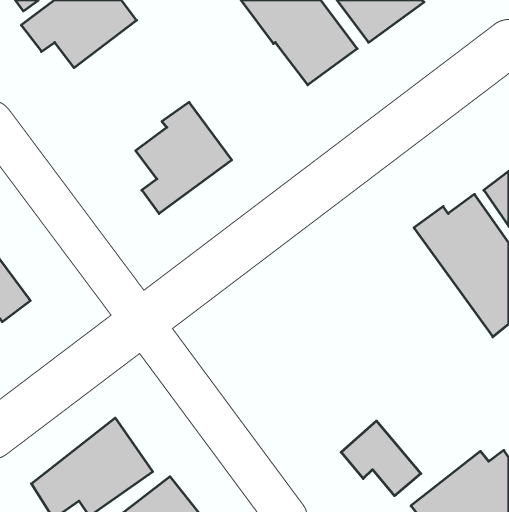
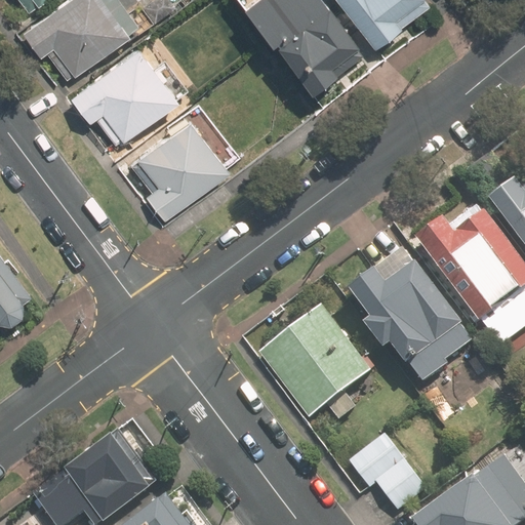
building: none -> [67,44,179,147]
building: none -> [352,262,470,383]
building: none -> [258,304,373,423]

